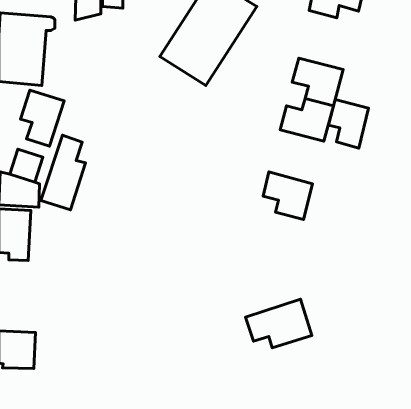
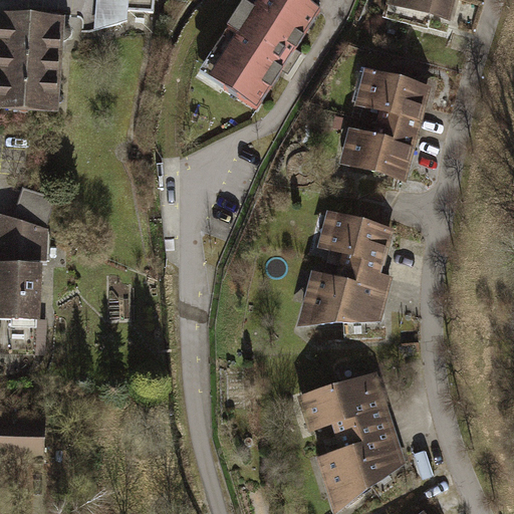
building: [21,90,64,146] -> none
building: [329,99,368,148] -> none
building: [41,135,85,210] -> none
building: none -> [306,264,389,321]
building: none -> [324,418,399,504]

